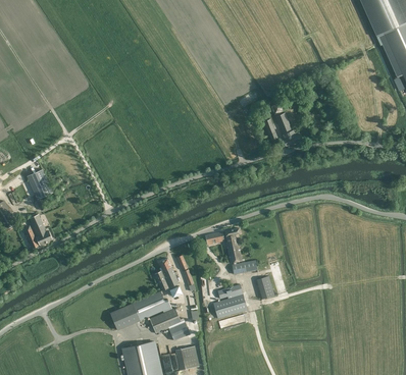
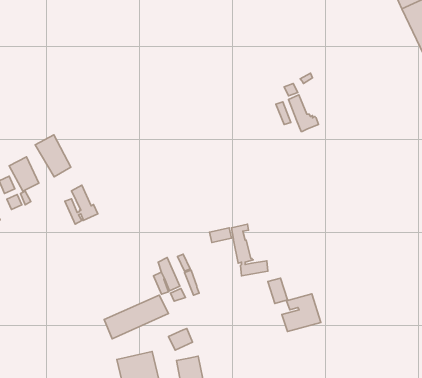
building: none -> [35,135,71,177]
building: [23,214,53,249] -> [65,185,98,224]
building: [213,284,248,318] -> [282,294,321,332]
building: [150,308,182,333] -> none

